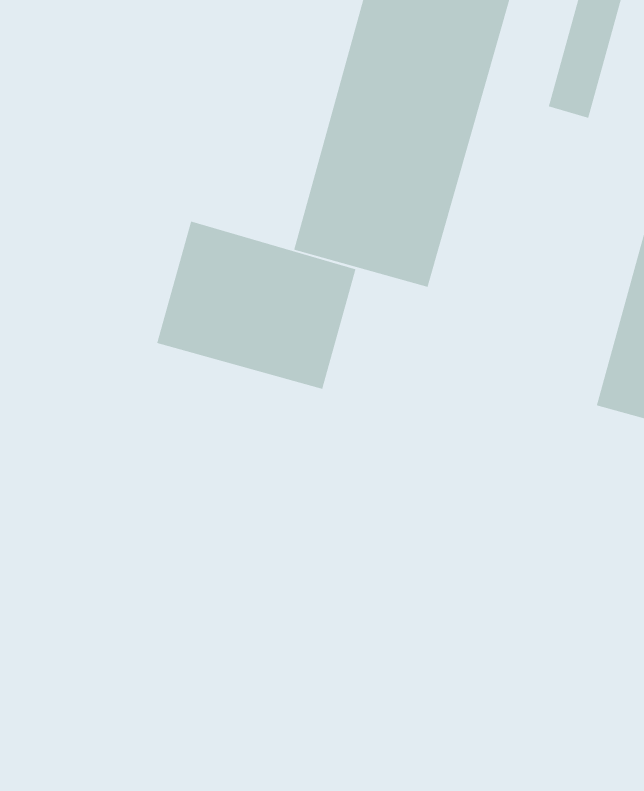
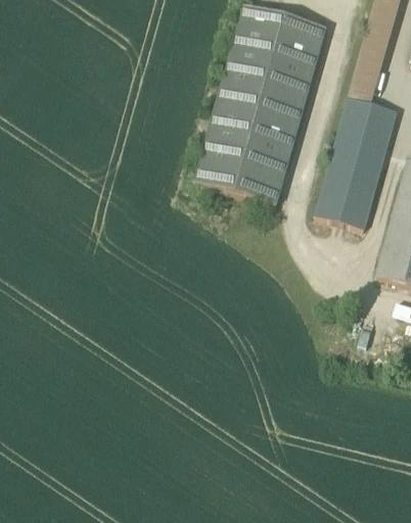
building: none -> [315,95,397,227]
building: [156,220,356,390] -> none

